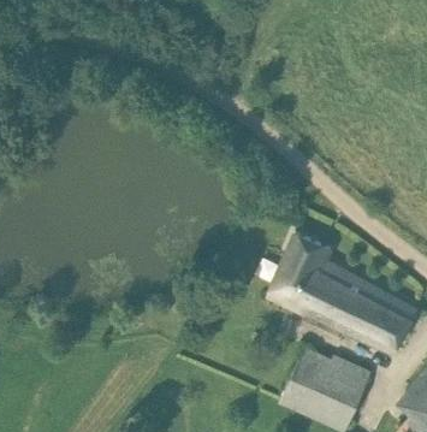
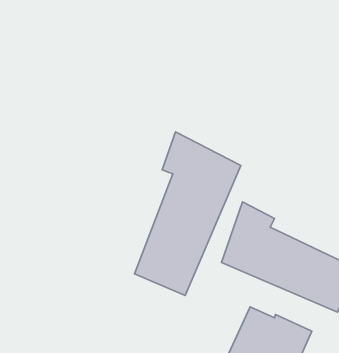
building: none -> [135,132,241,296]

